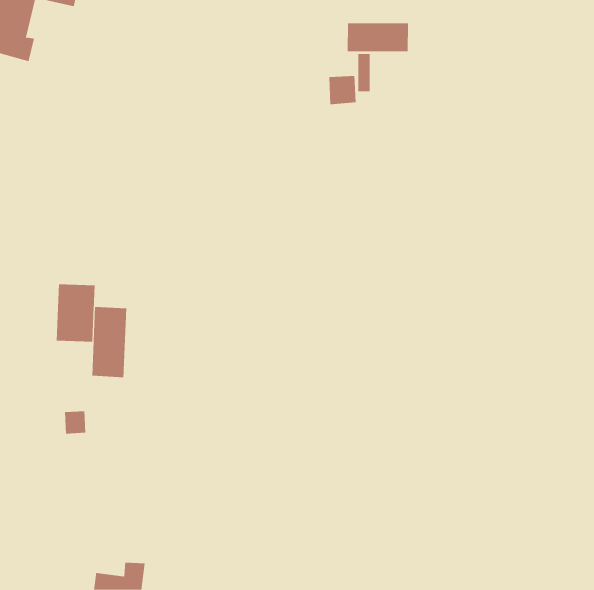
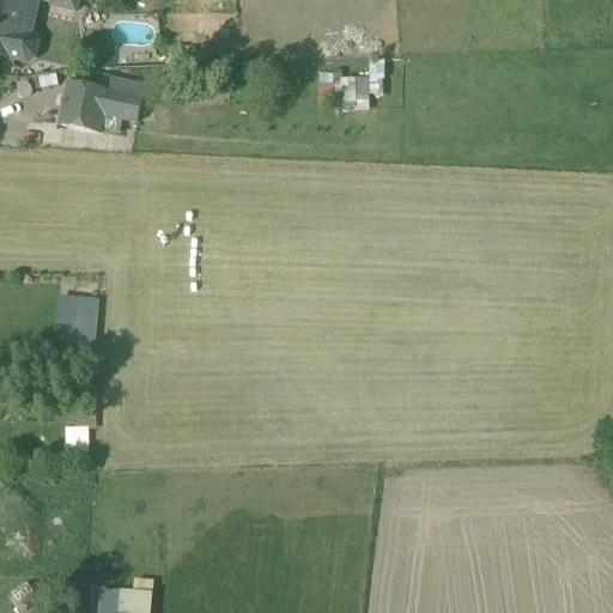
building: [347,23,409,52] -> none
building: none -> [54,75,144,135]
building: [92,306,127,378] -> none

